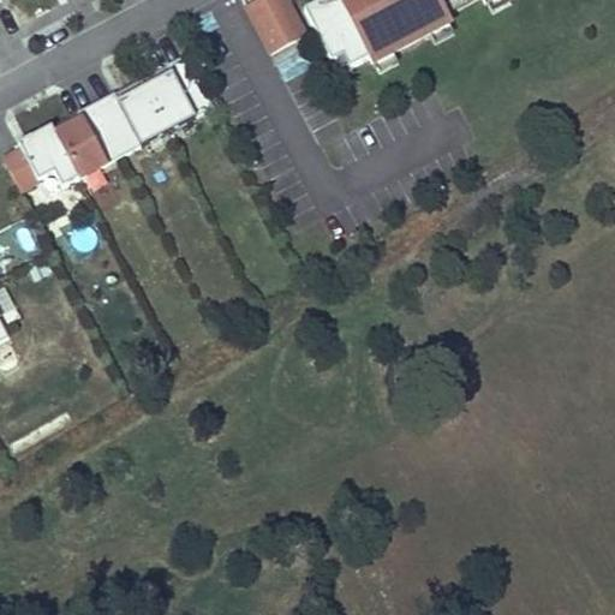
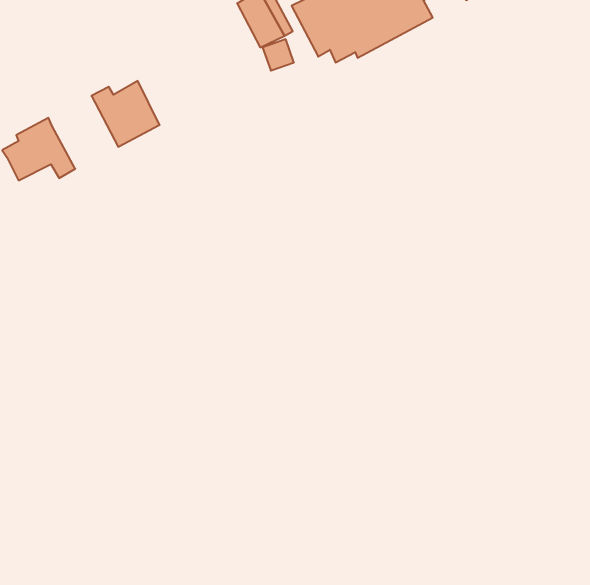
building: [143,53,211,130] -> none
building: [54,100,123,175] -> none

